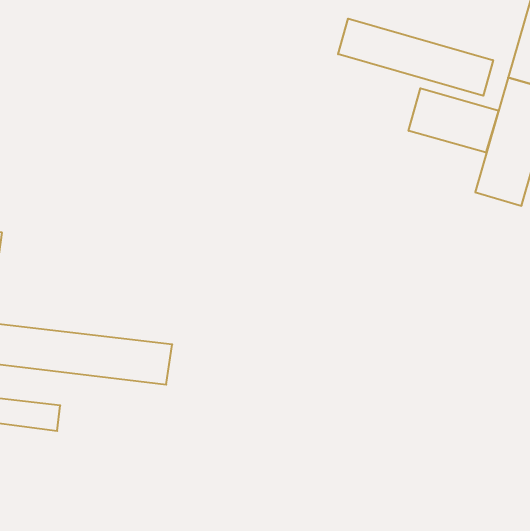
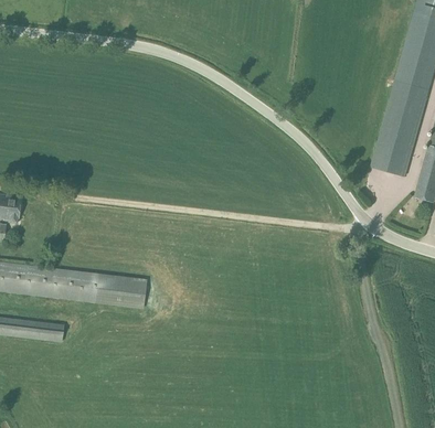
building: [338,19,493,96] -> none
building: [409,88,499,153] -> none

